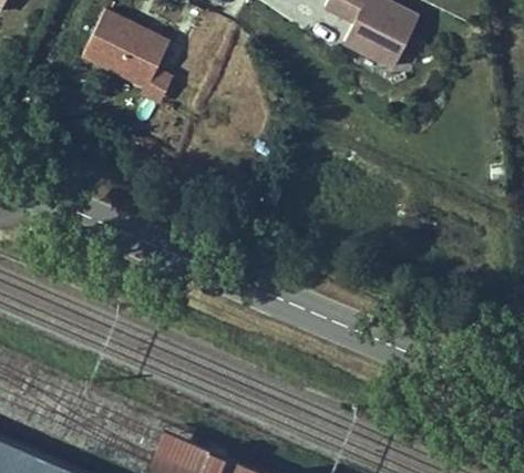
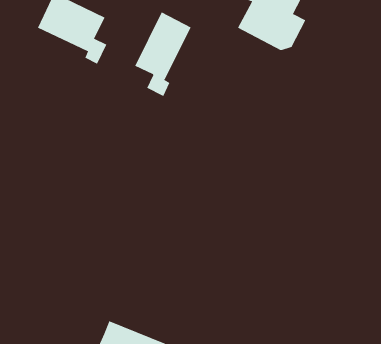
building: none -> [134,11,192,97]

